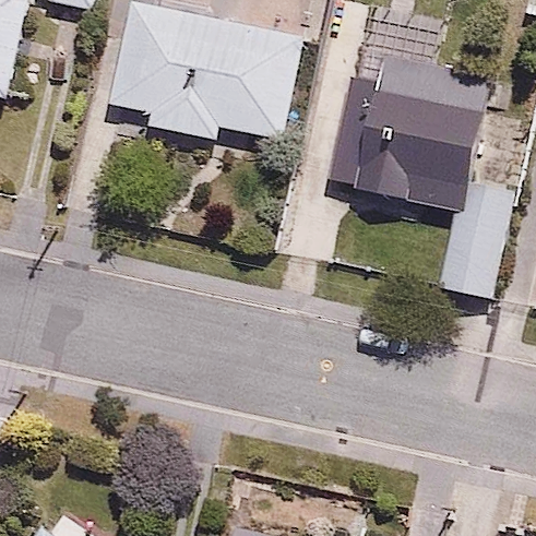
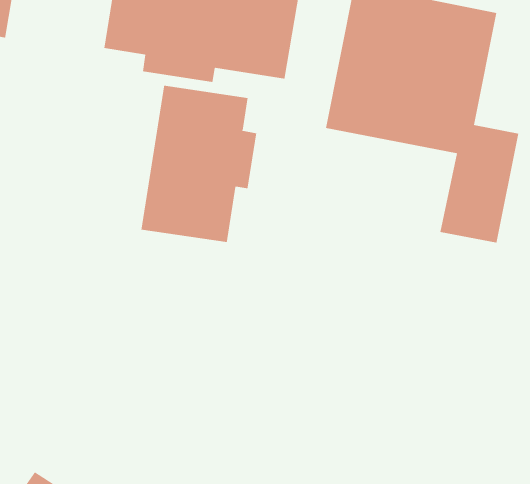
building: none -> [141,85,257,243]

